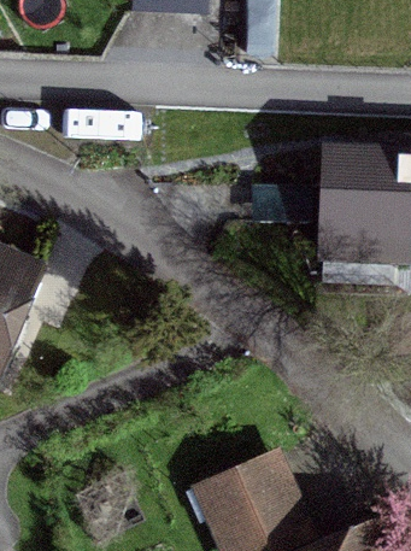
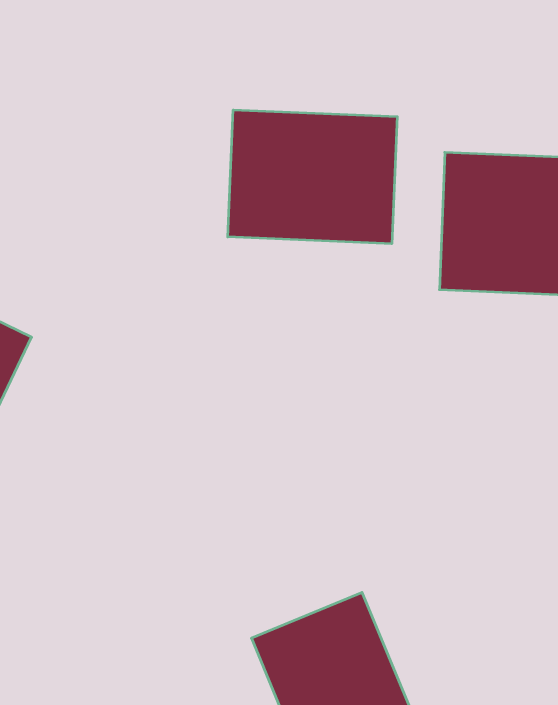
building: none -> [228,110,397,244]

